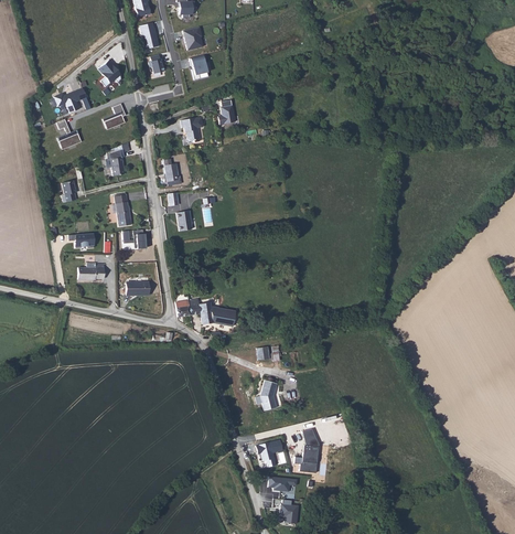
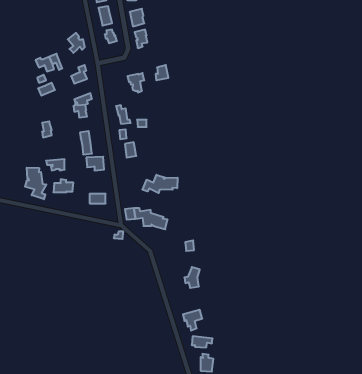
building: none -> [25,168,46,199]
building: none -> [142,175,178,193]
building: [294,429,318,473] -> none

